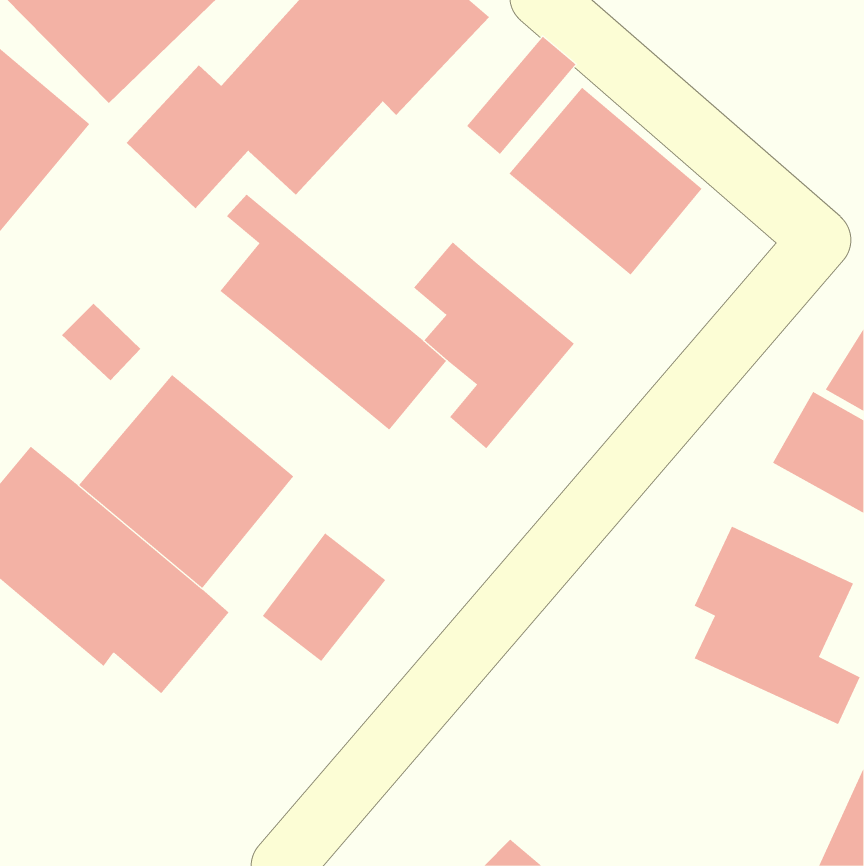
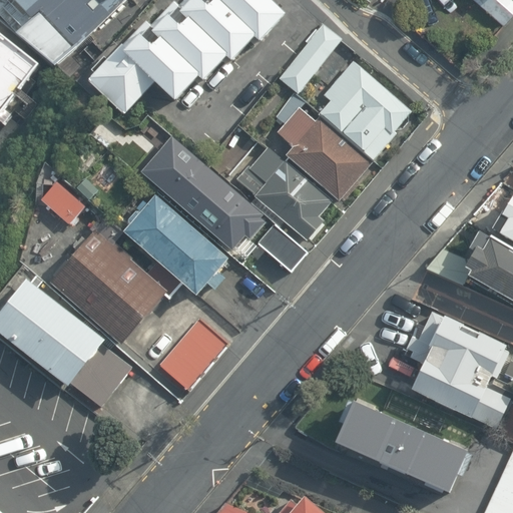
building: none -> [274,102,372,202]
building: none -> [124,196,229,297]
building: none -> [337,401,461,487]

